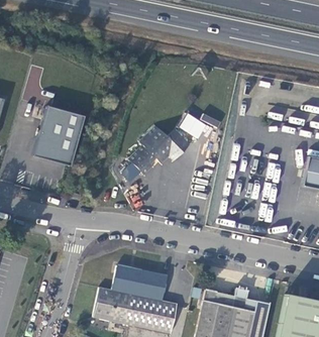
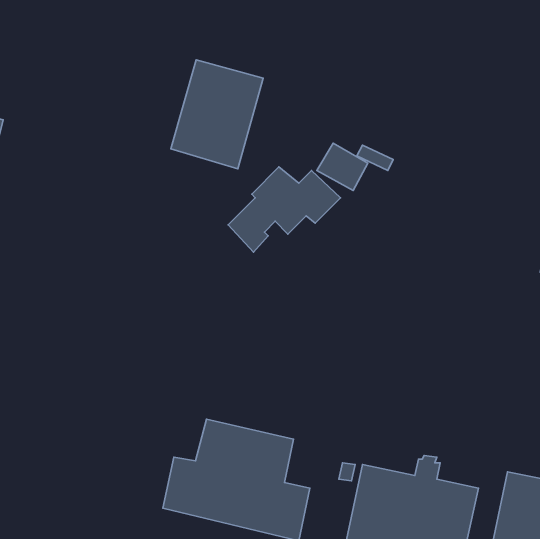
building: [29,103,81,163] -> [171,60,263,169]

